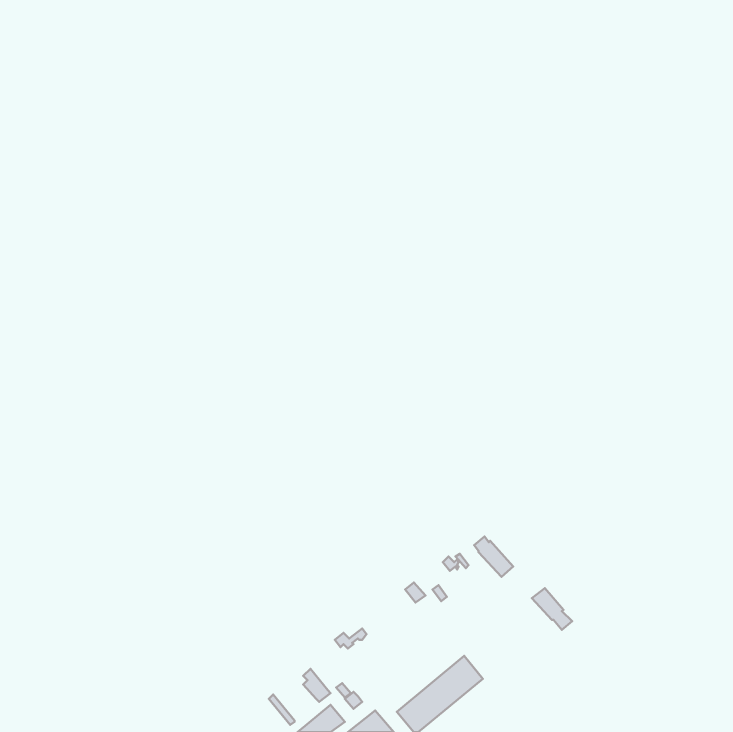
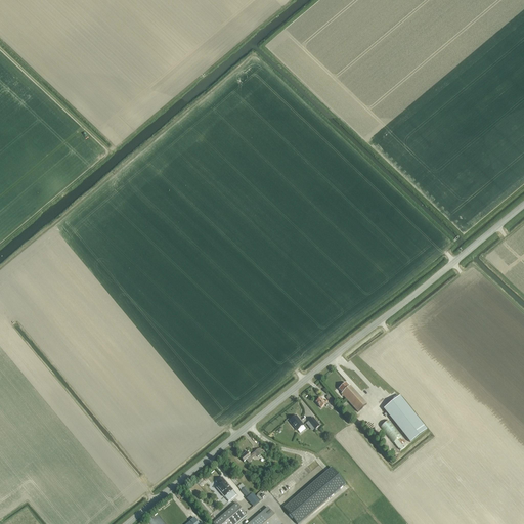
building: none -> [383,395,425,441]

